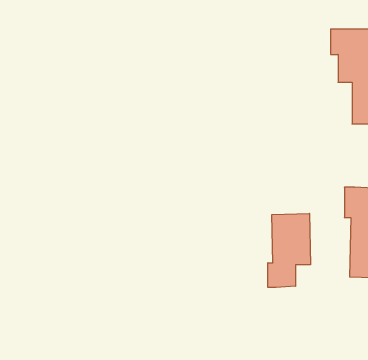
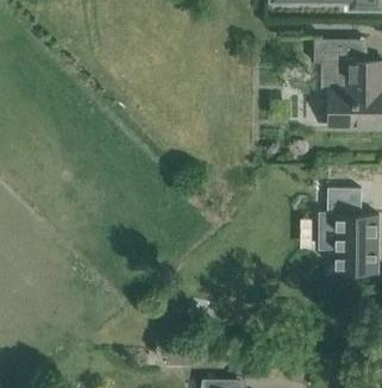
building: [268,213,310,287] -> none

